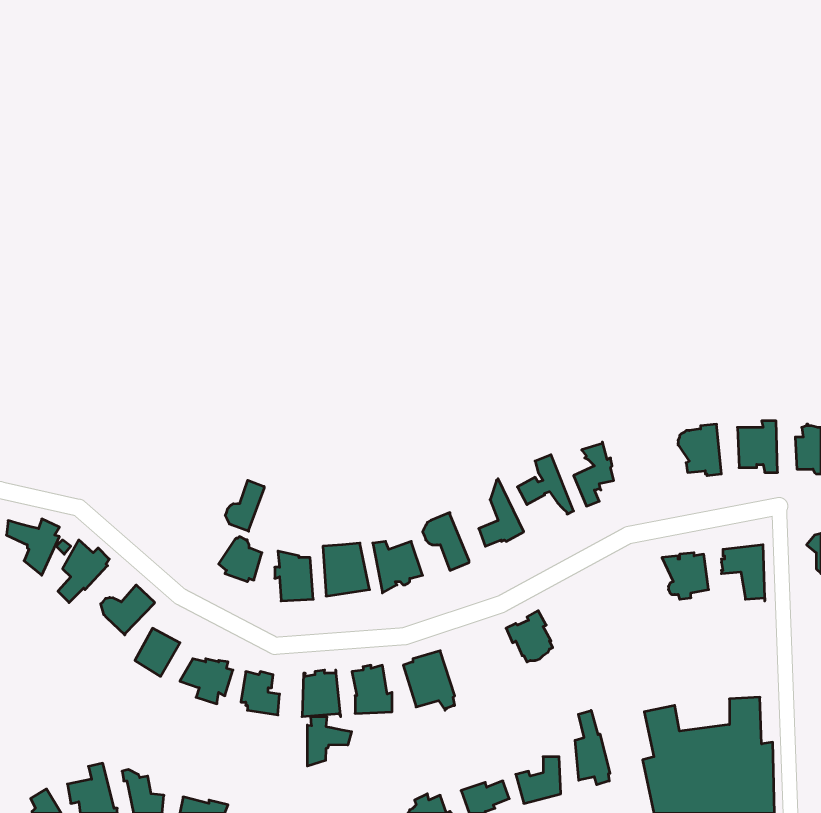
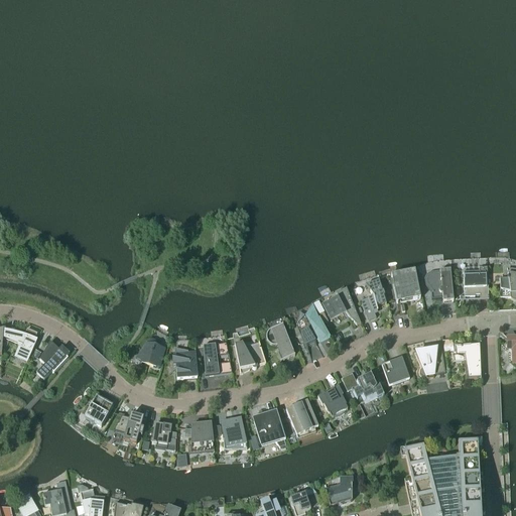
building: none -> [392,268,419,300]
building: [225,480,264,531] -> none
building: none -> [381,356,408,383]
building: [101,585,154,635] -> none
building: none -> [351,373,383,397]
building: none -> [285,398,317,435]
building: [575,710,610,785] -> none
building: [307,717,352,766] -> none

